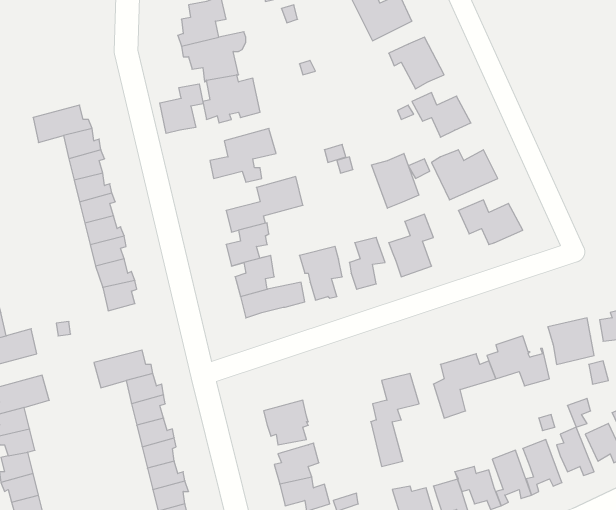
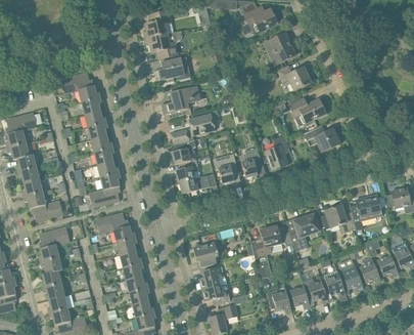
building: [160,84,203,133] -> none
building: [371,153,419,208] -> none
building: none -> [89,184,121,206]

